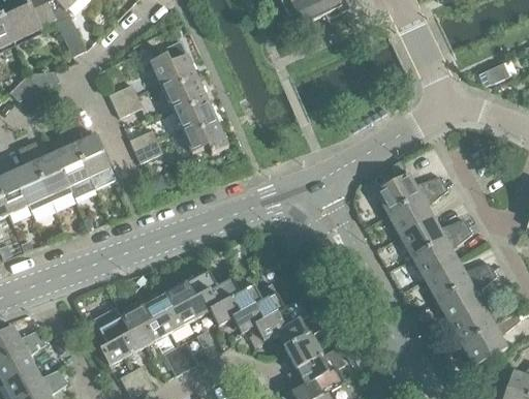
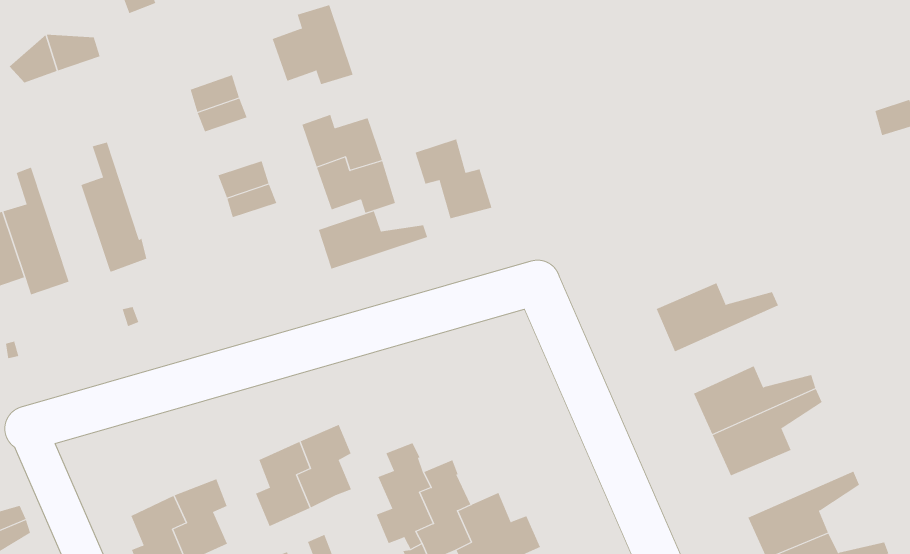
building: [161,79,208,109] -> none
building: none -> [415,139,492,219]
building: [66,124,111,180] -> none
building: [26,143,73,207] -> none
building: none -> [318,210,428,269]
building: [387,183,446,236] -> none
building: [425,262,492,301] -> none
building: [210,278,241,326] -> none
building: [144,295,175,342] -> none

